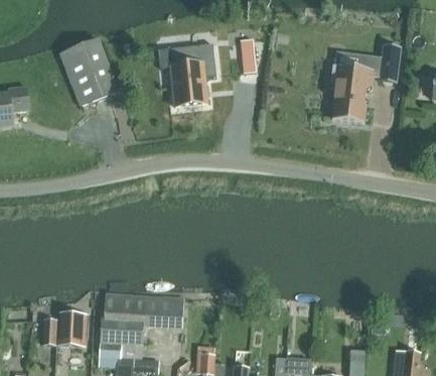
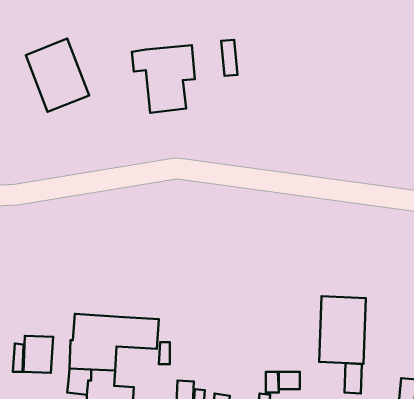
building: [330,43,400,122] -> none
building: none -> [319,296,366,364]

